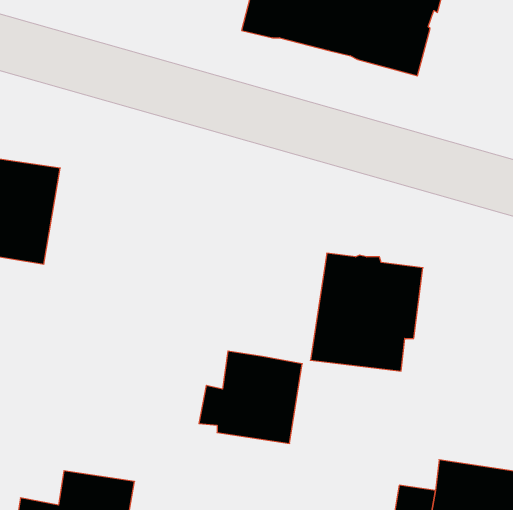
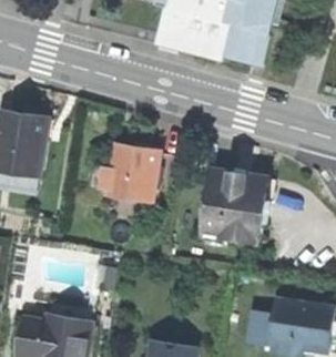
building: [199,351,302,443] -> [91,146,154,203]

